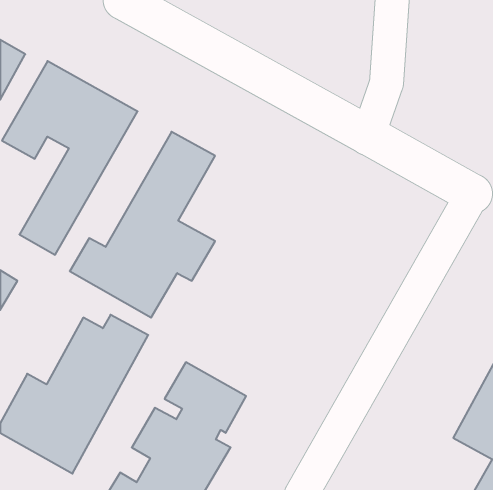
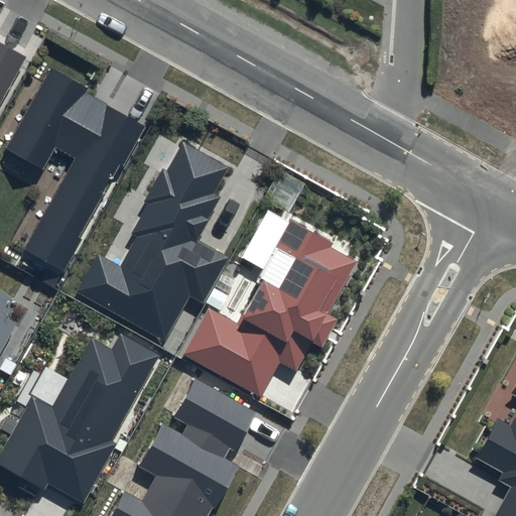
building: none -> [187,223,356,395]

